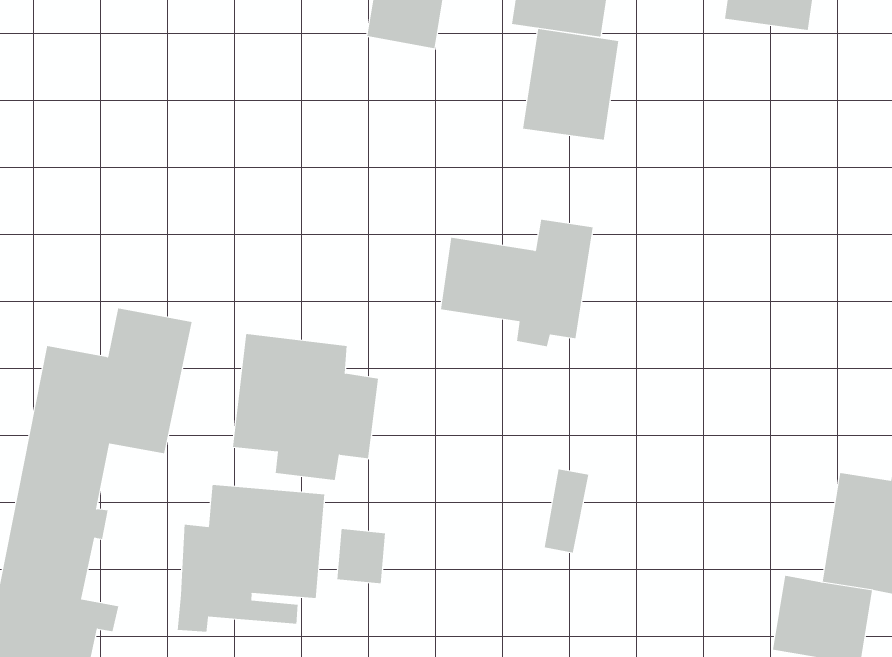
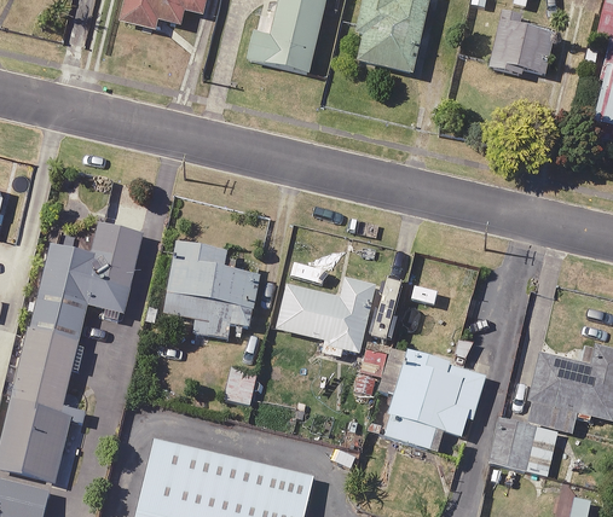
building: [523,28,619,140] -> none
building: [440,219,594,347] -> [276,277,375,356]
building: none -> [377,348,485,451]
building: [177,484,325,633] -> none

